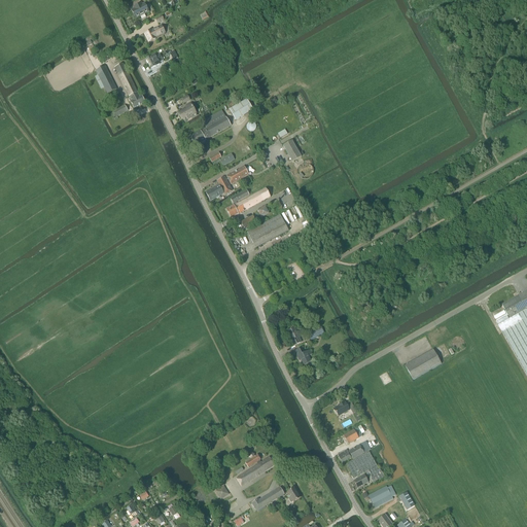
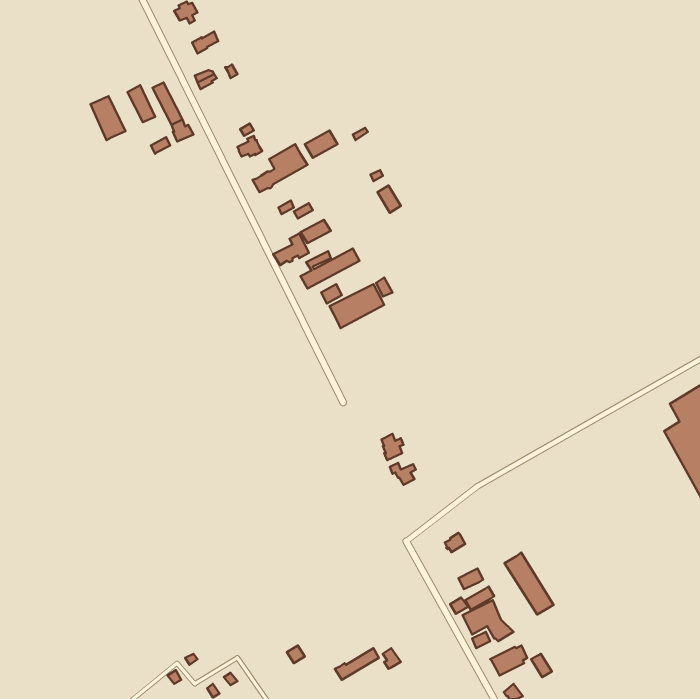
building: none -> [91,96,125,140]
building: [406,348,442,378] -> none
building: none -> [504,552,553,614]
building: [237,453,276,485] -> none

